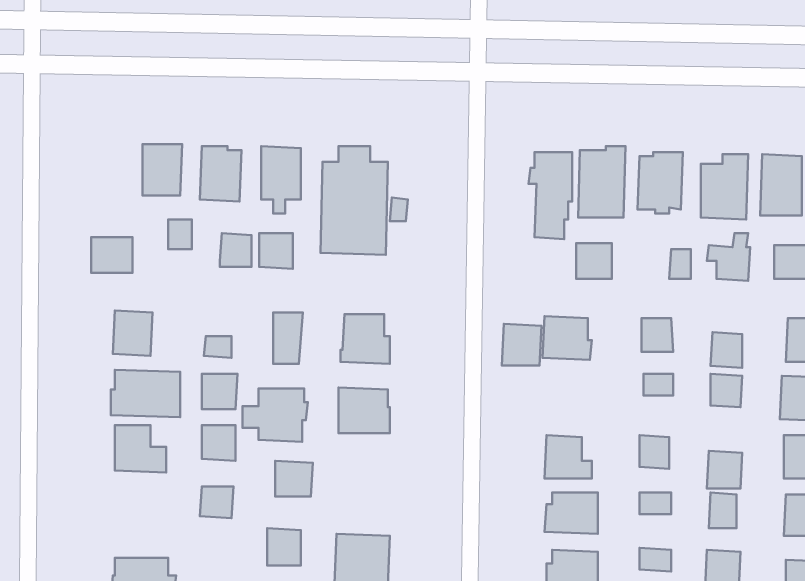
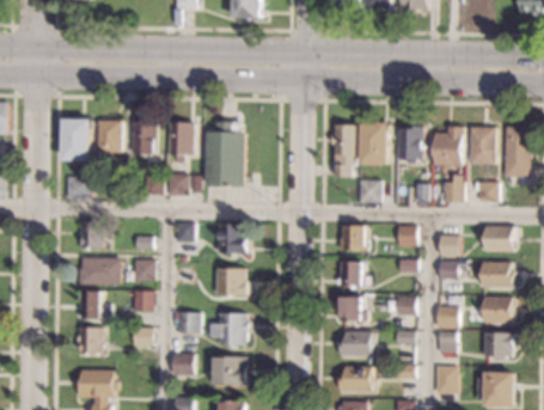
building: none -> [62,118,91,161]
building: [502,324,541,365] -> [340,261,363,286]
building: [243,388,308,442] -> [209,313,249,345]
building: none -> [79,328,102,354]

